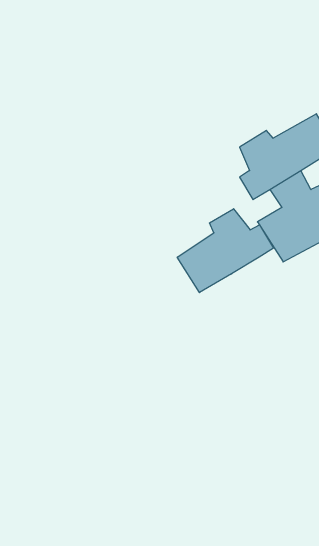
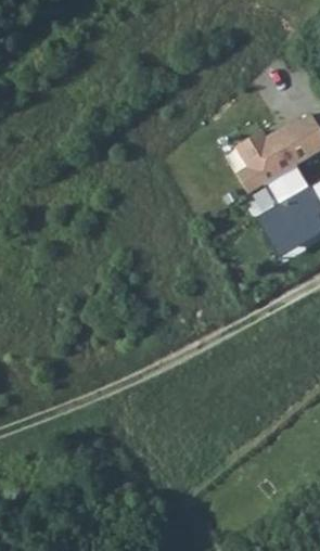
building: [177,209,274,293] -> none

